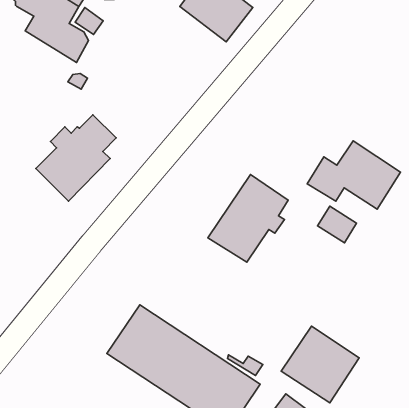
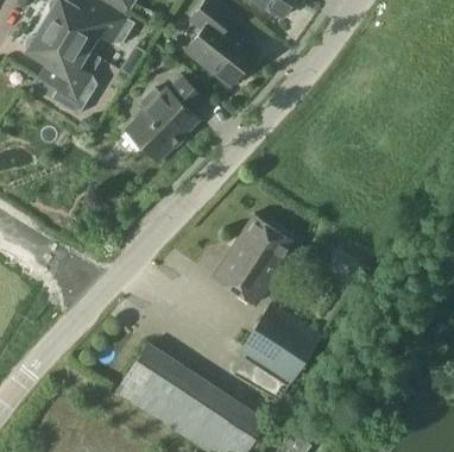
building: [36,115,116,201] -> [126,79,204,163]
building: [307,141,401,209] -> none
building: [281,326,359,403] -> [241,306,317,381]

